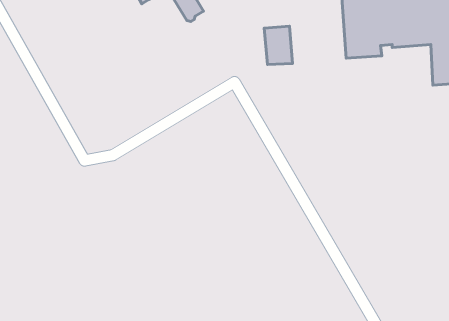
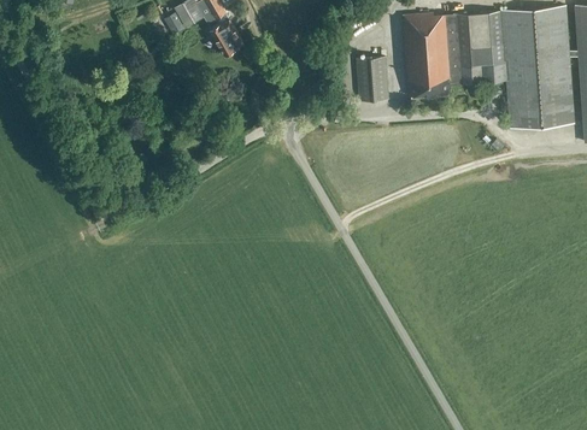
building: [264,26,292,65] -> [356,57,388,101]

